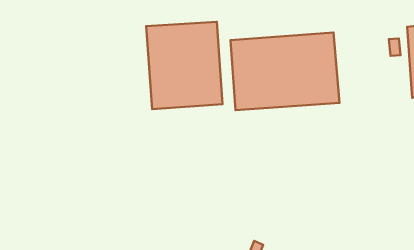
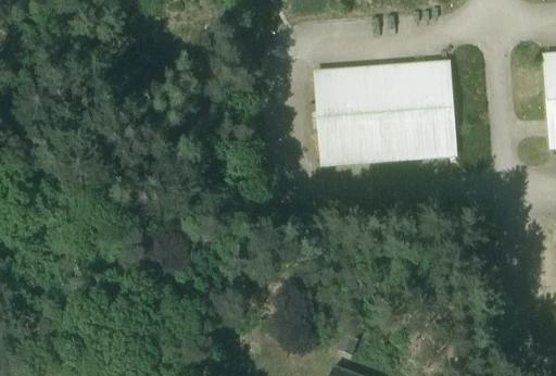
building: [146,22,223,109] -> none

